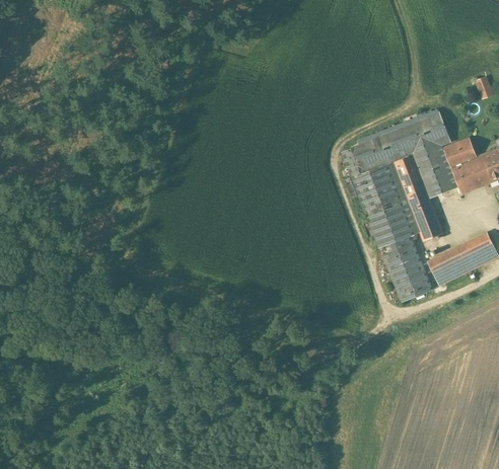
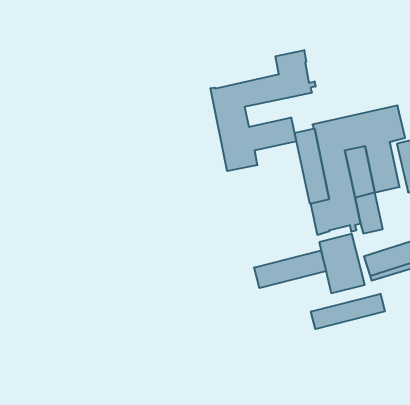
building: none -> [211,50,316,171]
building: none -> [254,251,326,288]
building: none -> [311,294,385,329]

